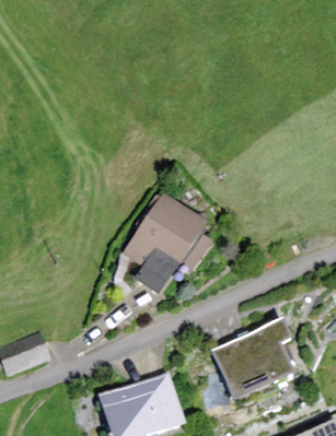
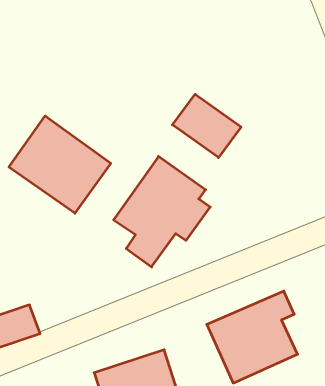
building: none -> [172,94,241,158]
building: none -> [9,116,111,213]

